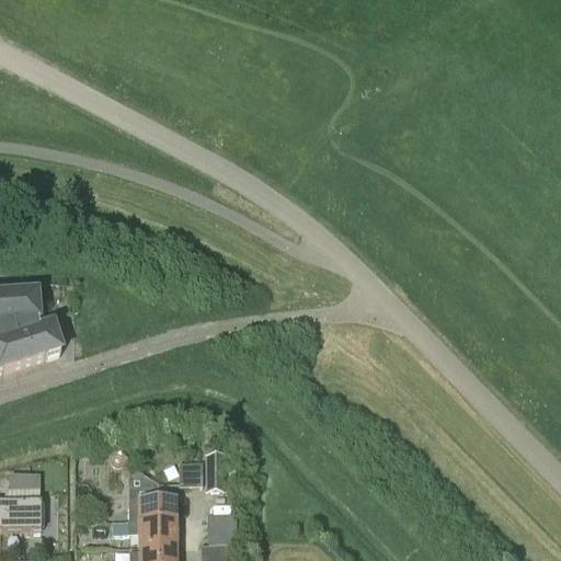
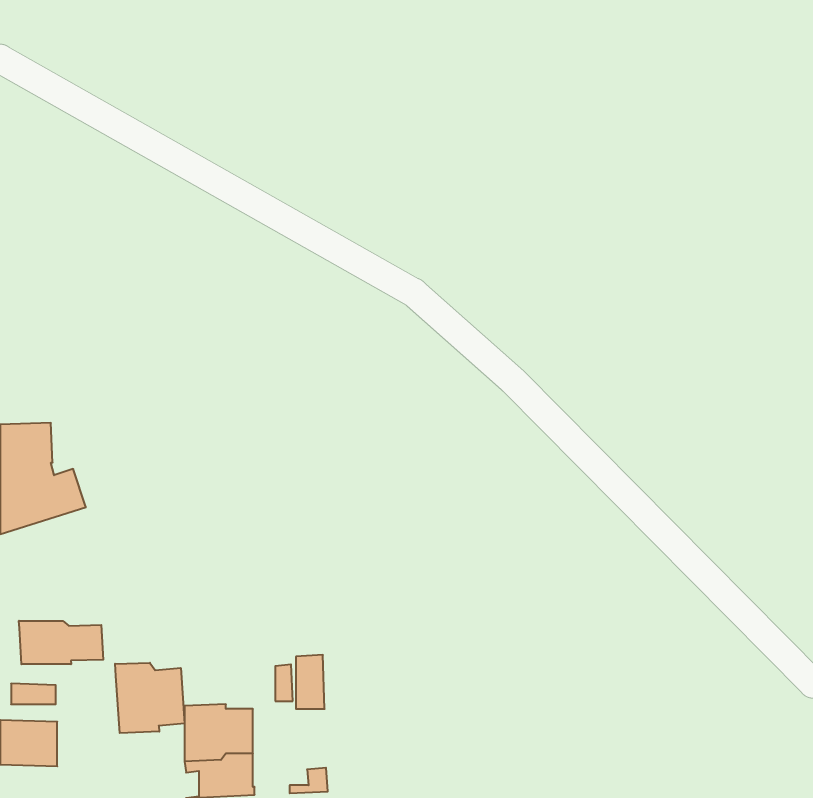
building: none -> [19,621,103,664]
building: none -> [115,663,185,733]

